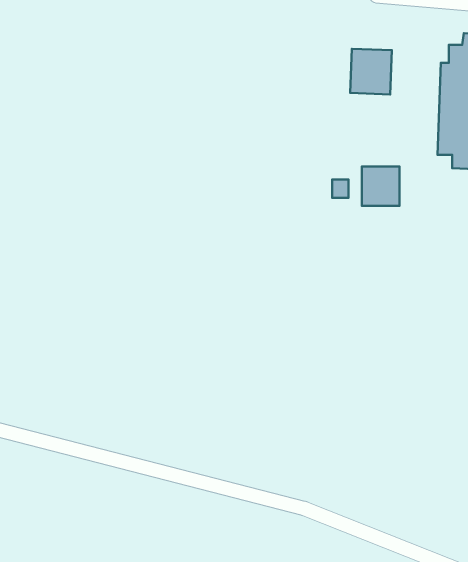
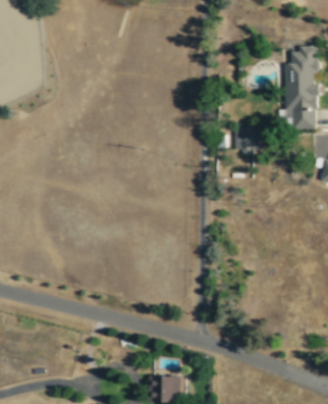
building: [350,49,392,94] -> none

